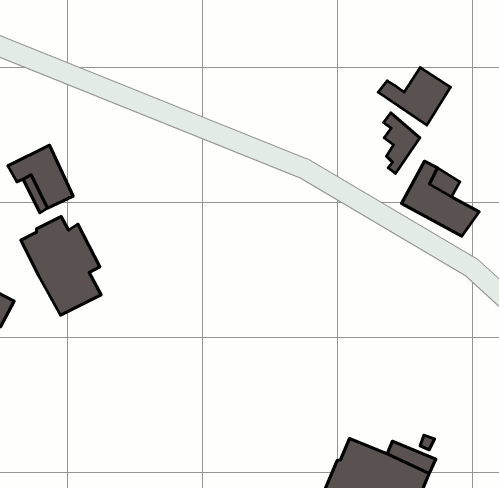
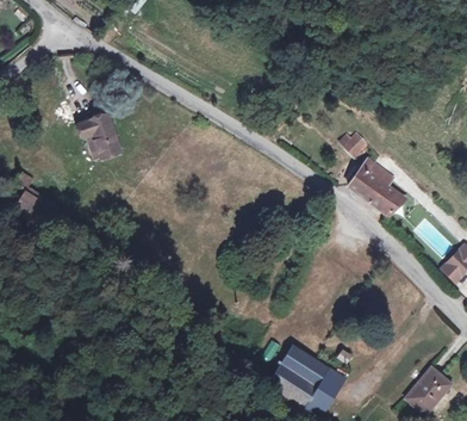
building: [378,67,450,125] -> none
building: [21,216,101,315] -> none

